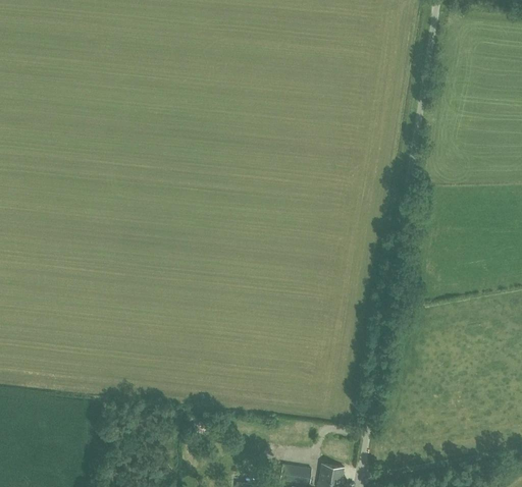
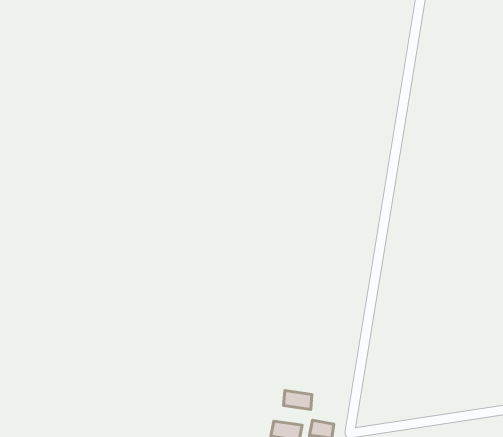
building: none -> [284,391,312,409]

